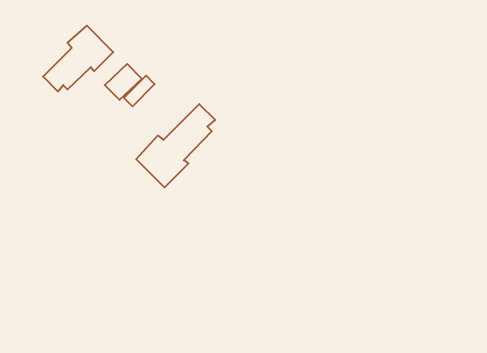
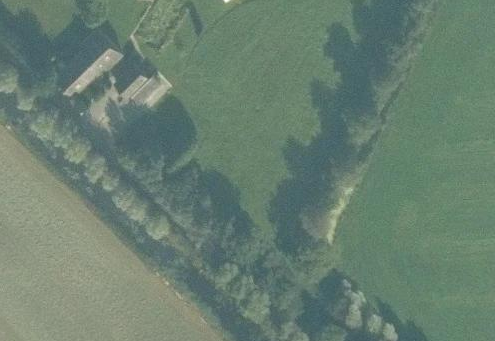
building: [136,104,215,187] -> none

